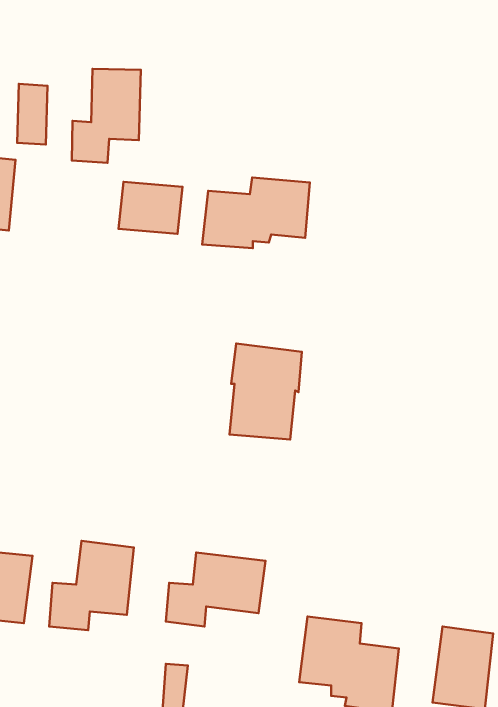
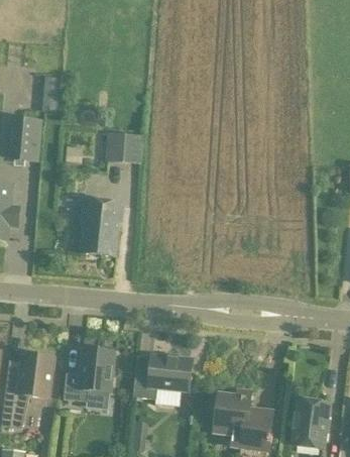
building: [72,69,141,163] -> none
building: [202,177,310,248] -> none
building: [229,343,302,439] -> [81,198,124,255]

